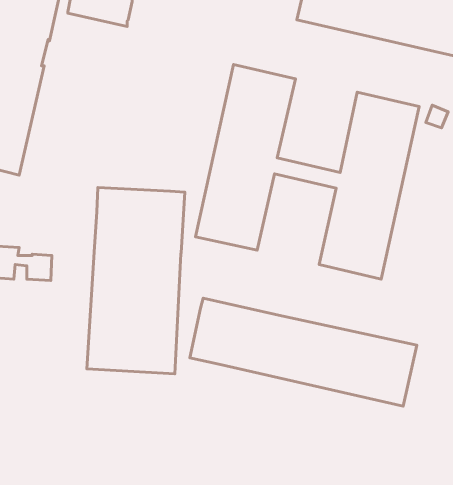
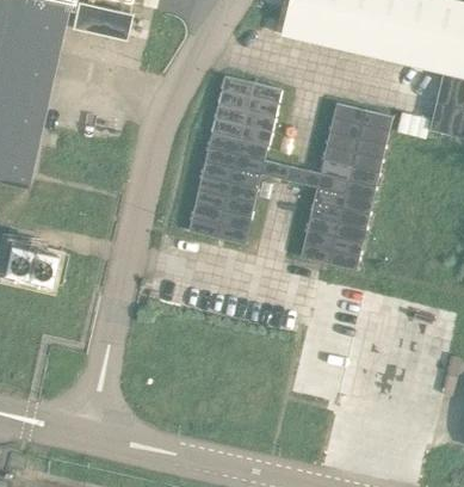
building: [87,187,185,374] -> none
building: [190,298,417,406] -> none

